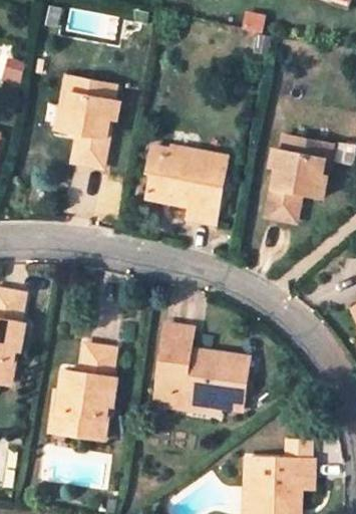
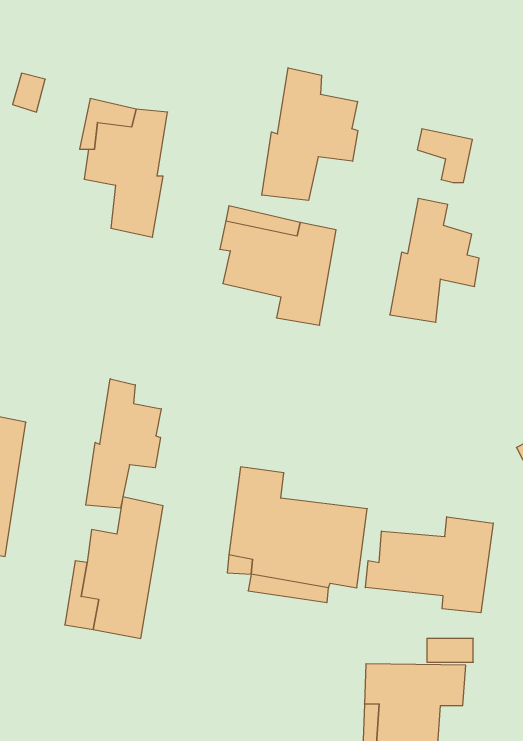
building: none -> [262,68,358,200]
building: [301,146,338,182] -> [417,129,472,183]
building: none -> [86,379,161,508]
building: none -> [365,517,493,613]

